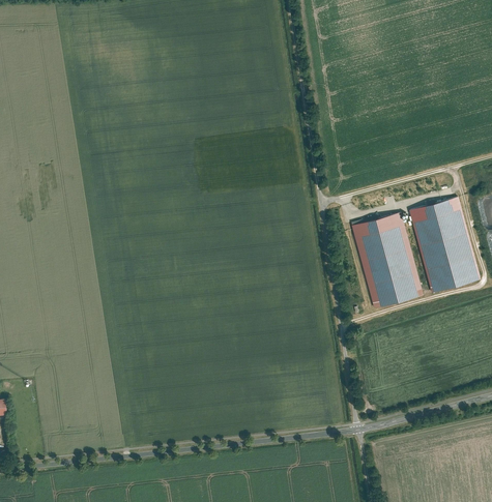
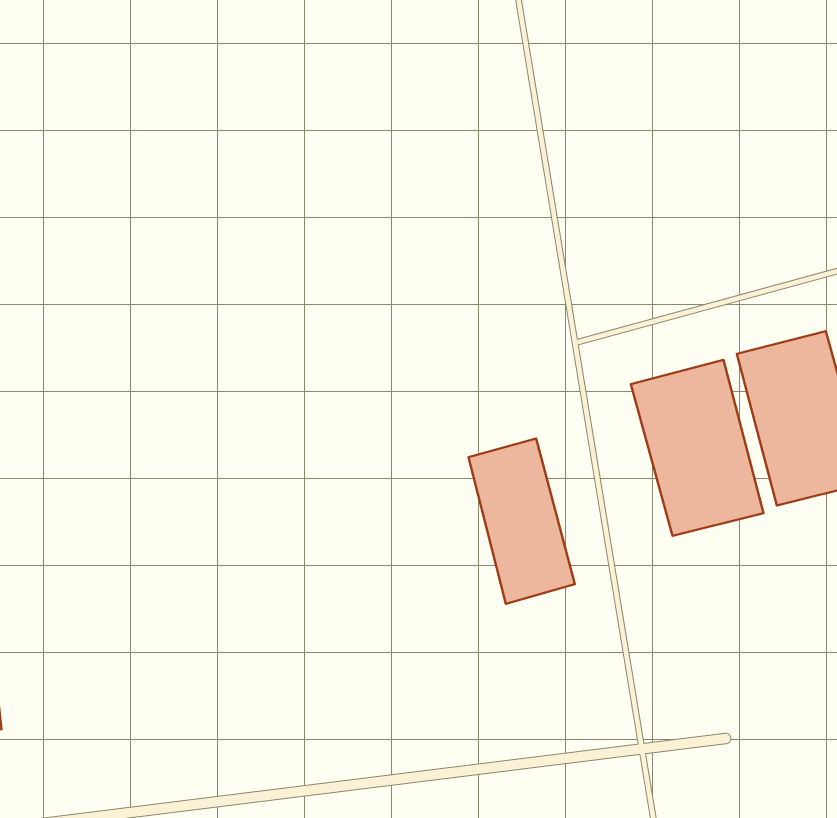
building: none -> [468,439,575,604]

